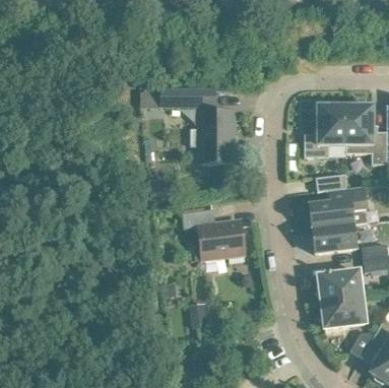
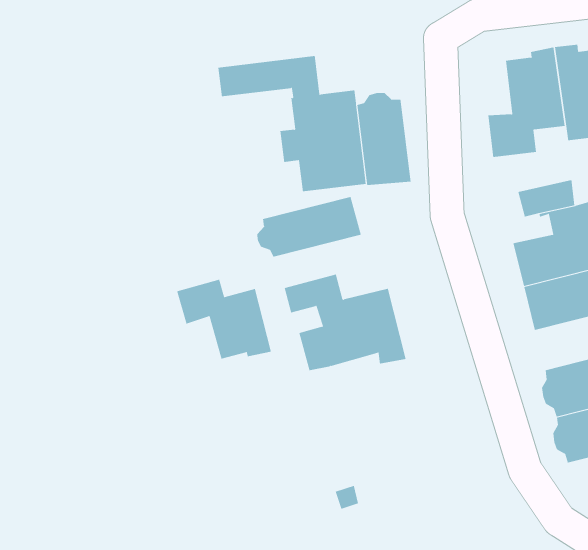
building: none -> [357,92,411,186]
building: none -> [257,196,361,258]
building: none -> [176,279,271,360]

